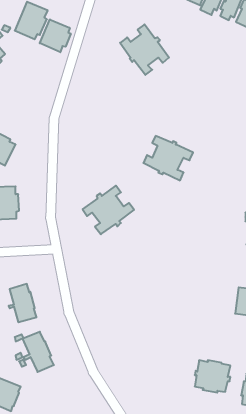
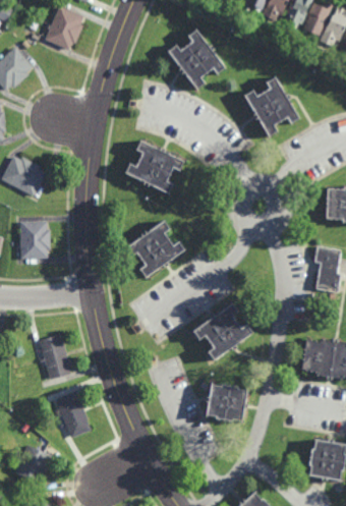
building: [40,19,71,52] -> none
building: none -> [245,76,299,133]
building: [143,136,193,180] -> [125,139,183,191]
building: none -> [193,302,252,360]
building: [195,360,230,393] -> [206,384,247,421]

